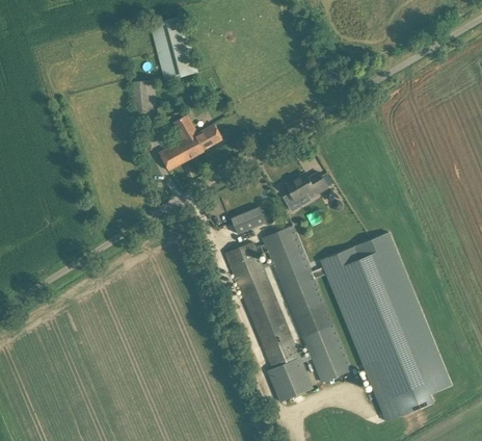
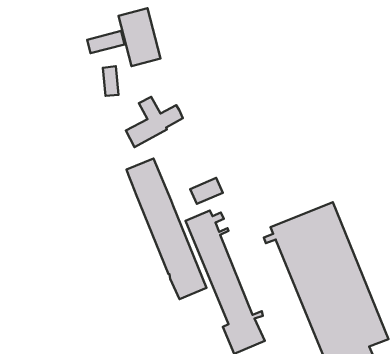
building: none -> [87,31,125,53]
building: [285,172,327,200] -> none
building: [262,225,351,382] -> [127,158,207,299]

